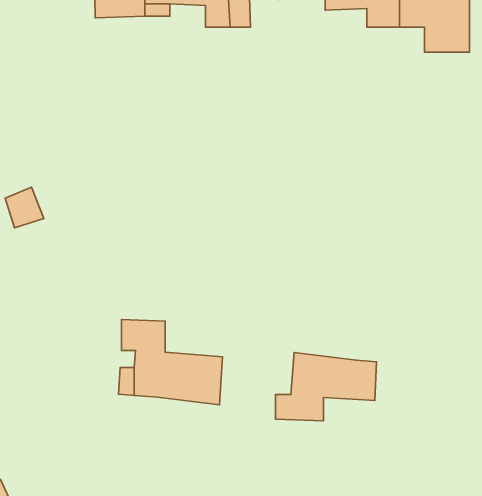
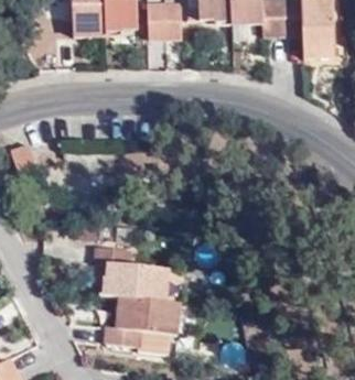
building: [275,352,376,421] -> [104,298,175,347]

